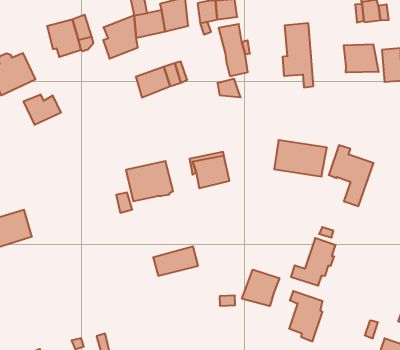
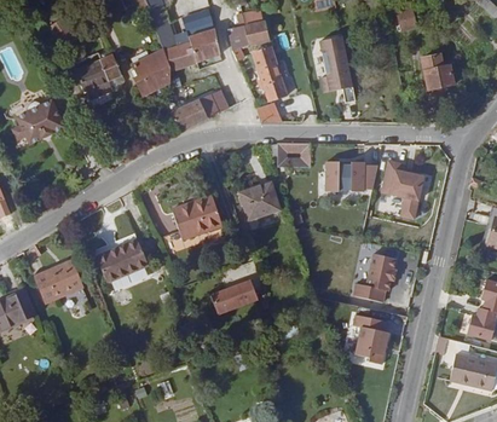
building: [344,44,379,73] -> none
building: [24,94,61,125] -> none
building: none -> [266,141,311,167]
building: none -> [96,238,149,283]
building: [242,270,279,306] -> none

